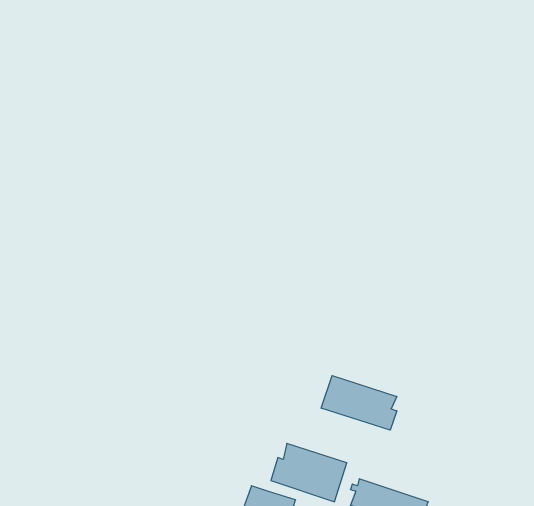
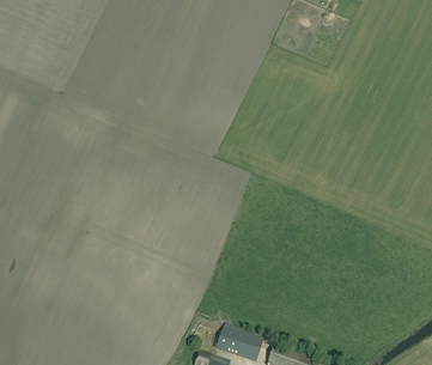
building: [321,376,397,430] -> none

